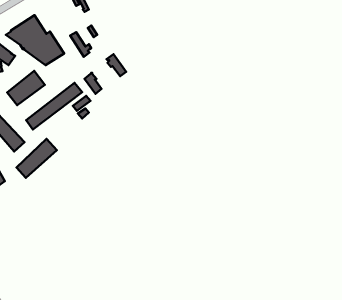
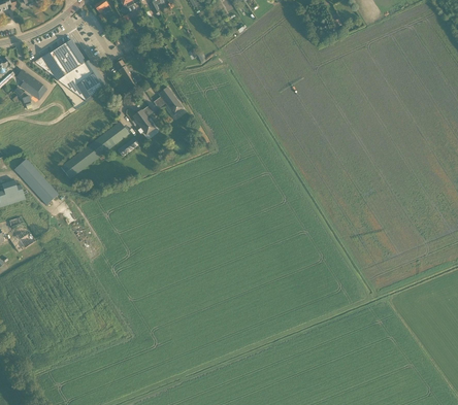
building: [7,71,45,105] -> none
building: [16,139,57,178] -> none

